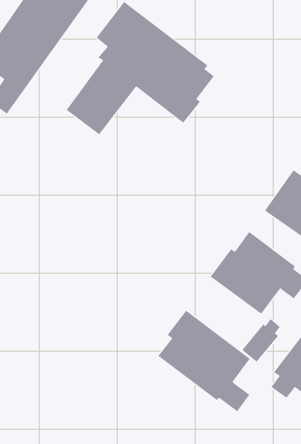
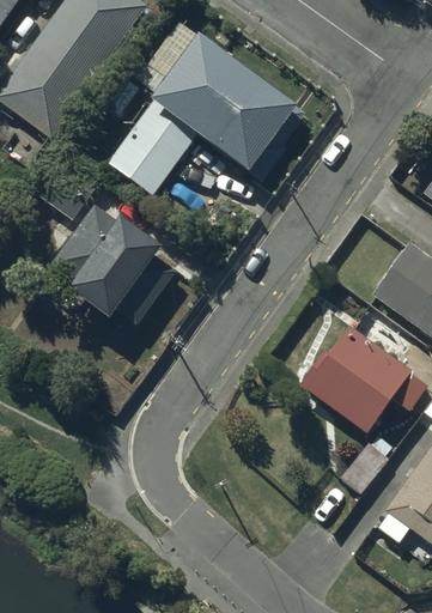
building: none -> [53,204,175,324]
building: [158,310,251,412] -> none

